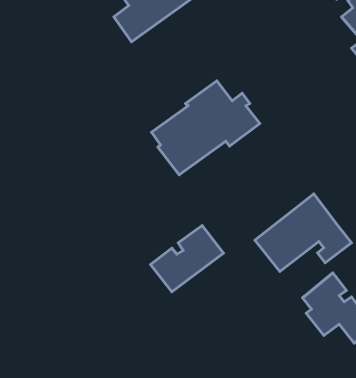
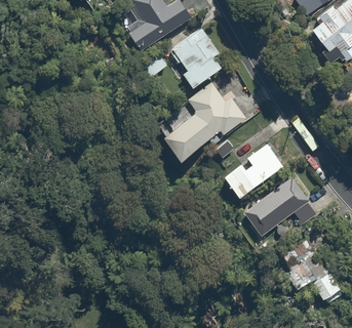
building: none -> [168,27,221,88]
building: [151,225,223,292] -> [224,145,283,199]

